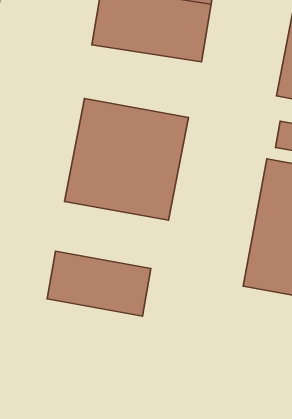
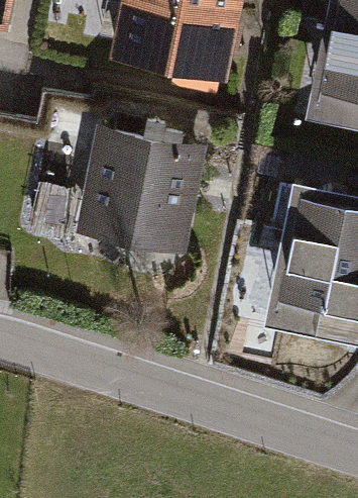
building: [47,251,151,316] -> none

